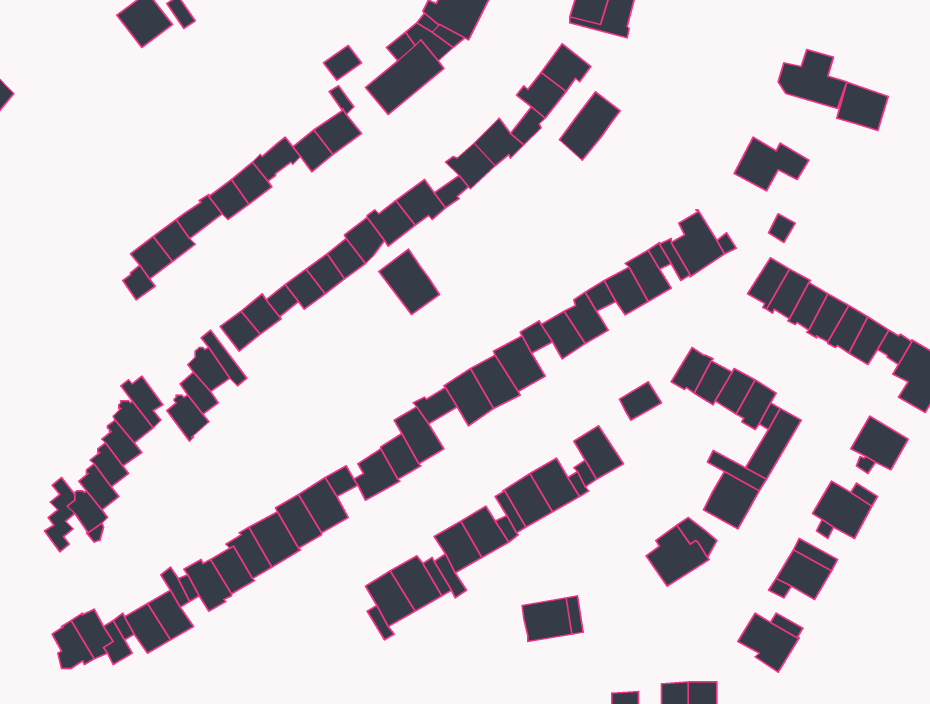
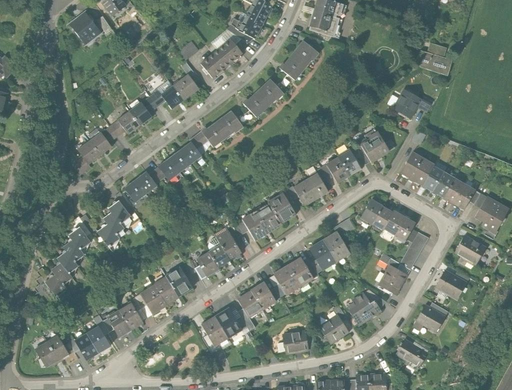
building: [837,82,888,130] -> none
building: [559,92,620,160] -> none
building: [379,249,440,314] -> none
building: none -> [323,232,349,260]
building: none -> [319,313,349,343]

